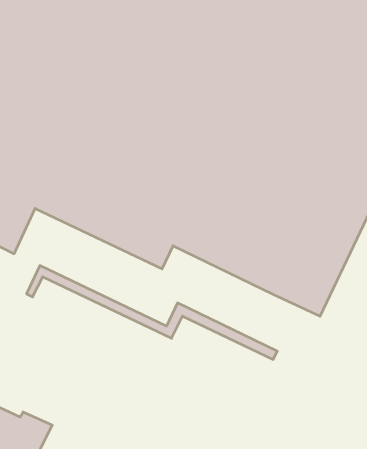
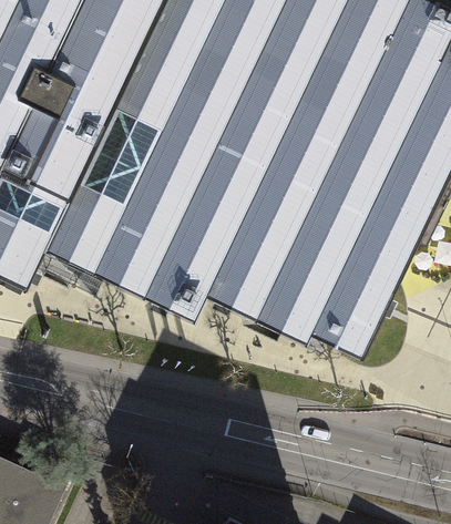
building: [27,266,277,359] -> [31,239,307,342]

